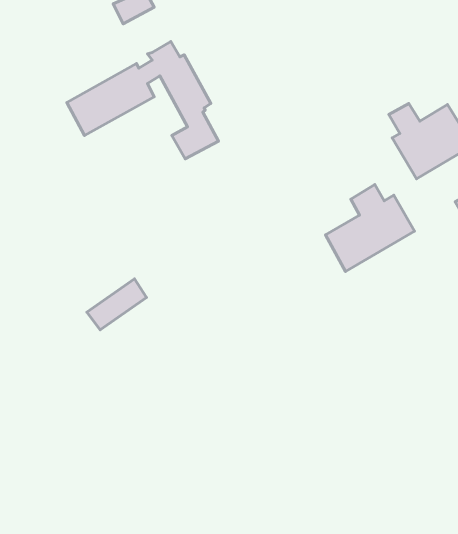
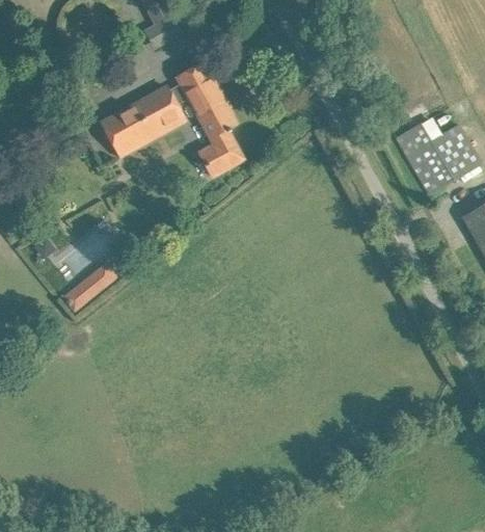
building: [325,185,414,272] -> none
building: [87,279,147,330] -> [58,262,114,310]

